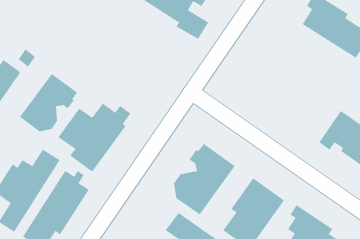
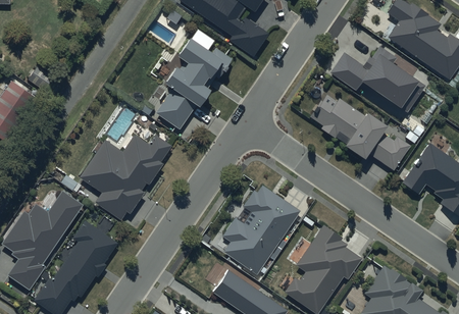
building: none -> [155,40,231,126]
building: none -> [329,48,426,114]
building: none -> [314,96,409,169]
building: [19,73,78,132] -> none

